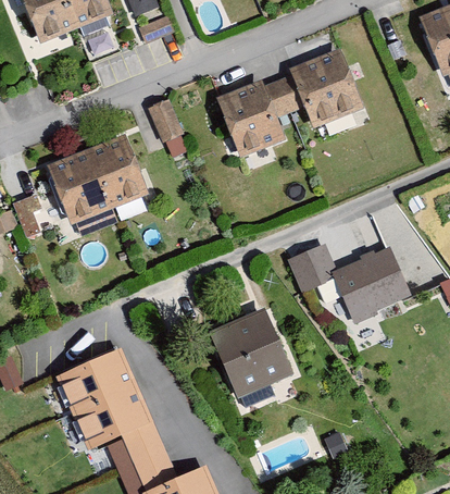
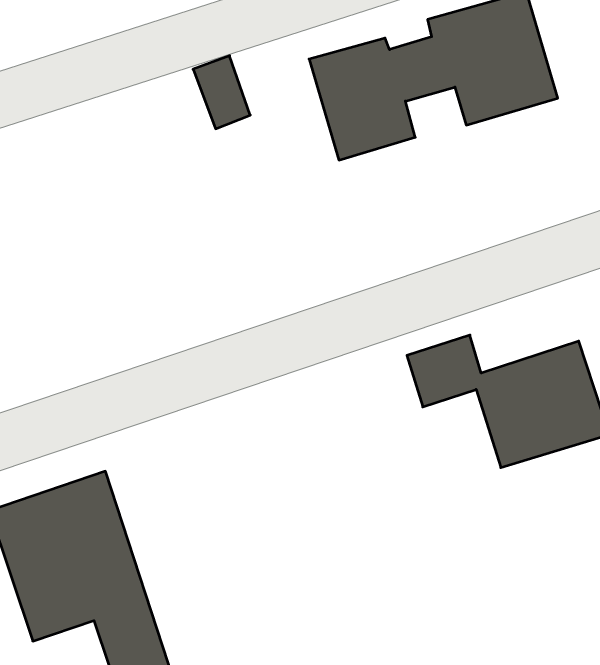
building: [46,134,147,237] -> none
building: [207,307,291,399] -> none

